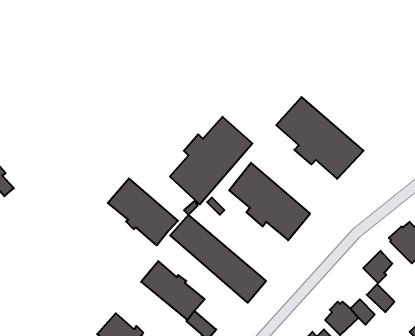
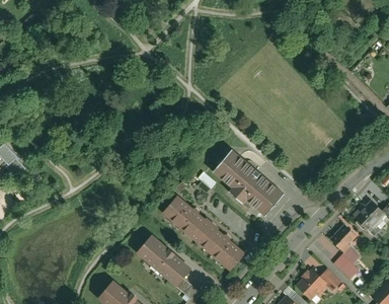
building: [276,97,364,179] -> none
building: [170,117,252,204] -> none
building: [108,178,178,245] -> none

